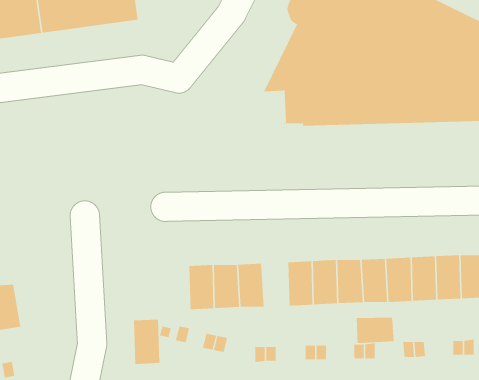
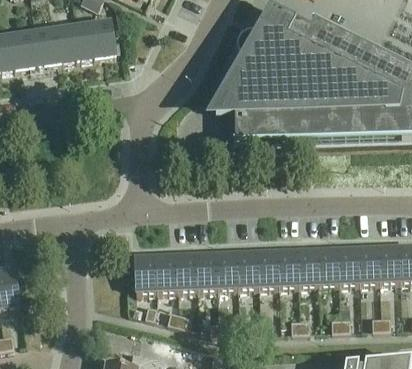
building: none -> [215,251,237,288]
building: [356,317,394,344] -> none
building: [133,319,160,364] -> [134,254,156,291]

